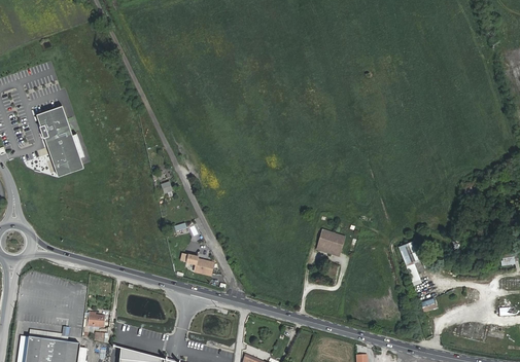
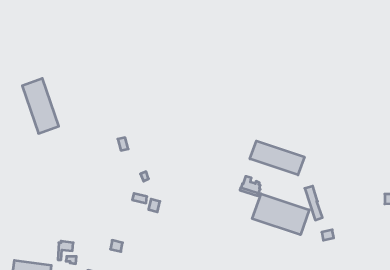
building: none -> [250,141,304,175]
building: none -> [252,194,309,235]

